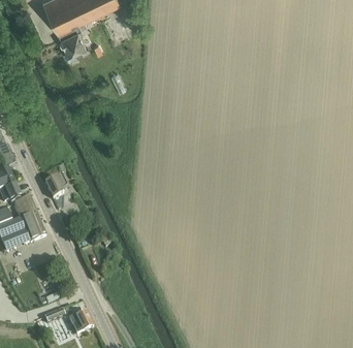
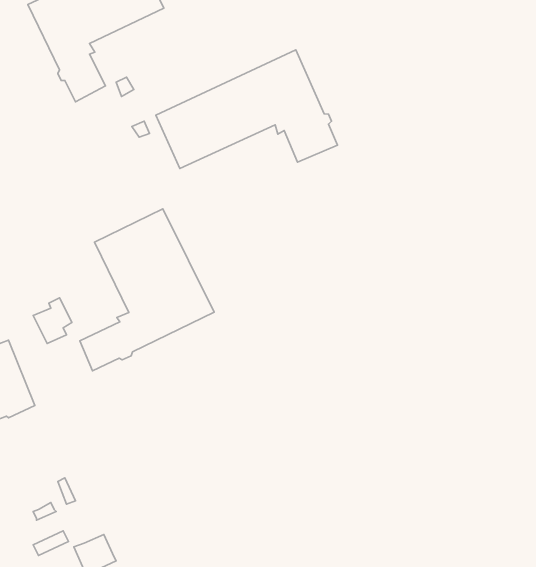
building: none -> [156,50,337,169]
building: none -> [80,209,214,371]

